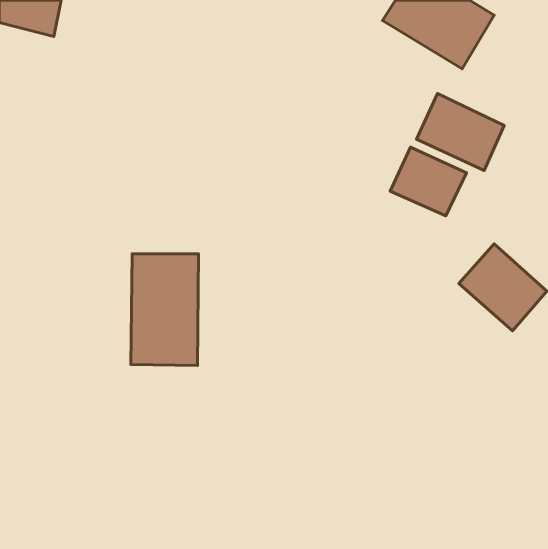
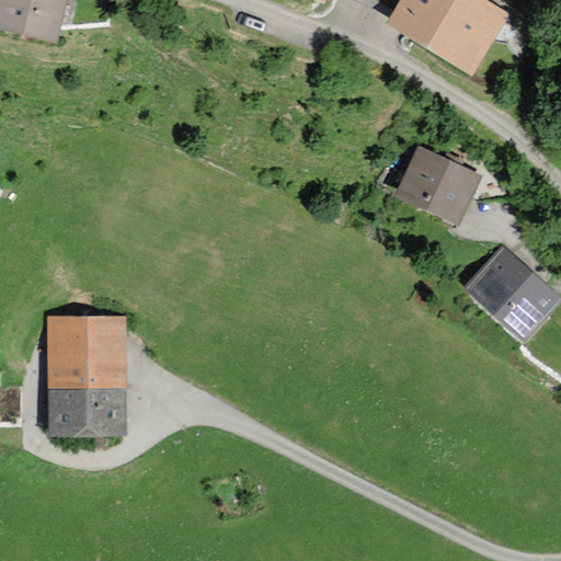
building: [416,94,504,170] -> none
building: [131,254,199,366] -> [51,320,121,434]

